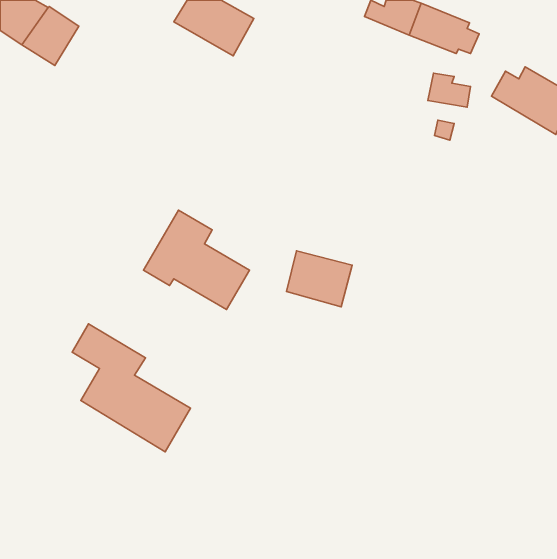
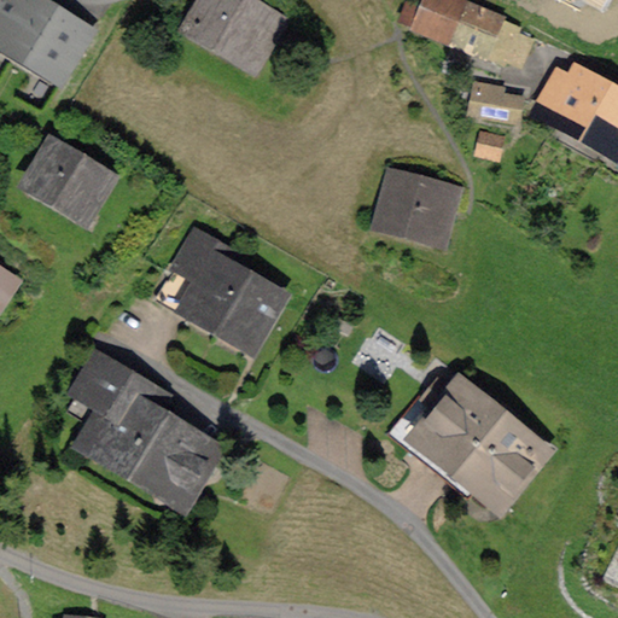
building: none -> [31,145,110,215]
building: [287,251,352,307] -> [386,175,459,237]
building: none -> [393,374,536,496]

